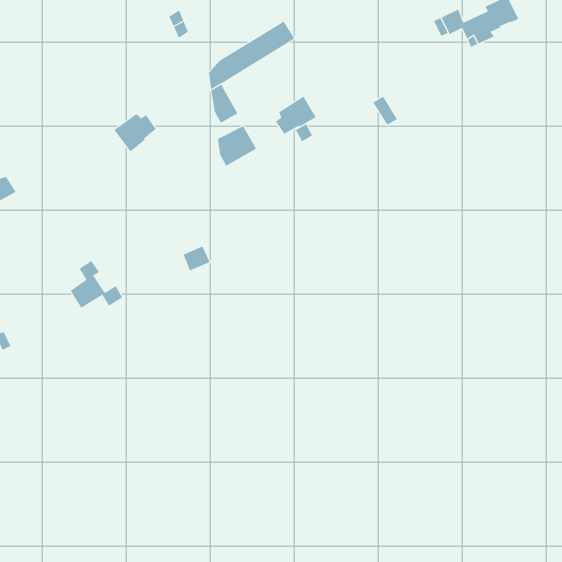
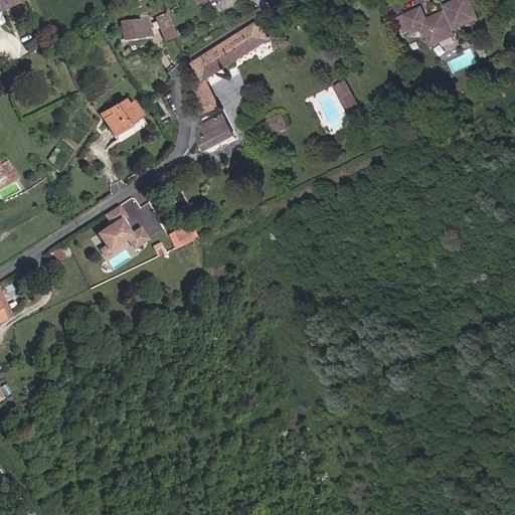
building: none -> [121,15,151,39]
building: [275,96,317,134] -> none
building: [70,260,123,309] -> [98,205,146,249]

